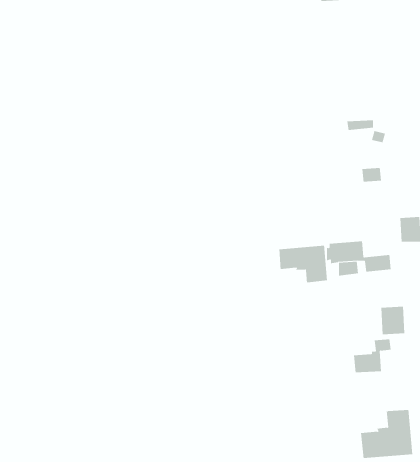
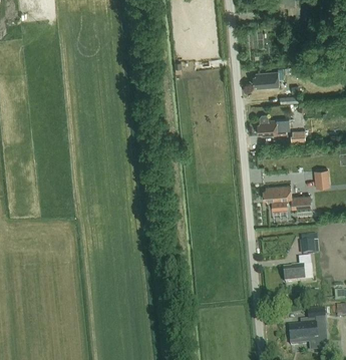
building: none -> [252,67,301,88]
building: none -> [256,115,288,136]
building: [279,245,327,283] -> none

